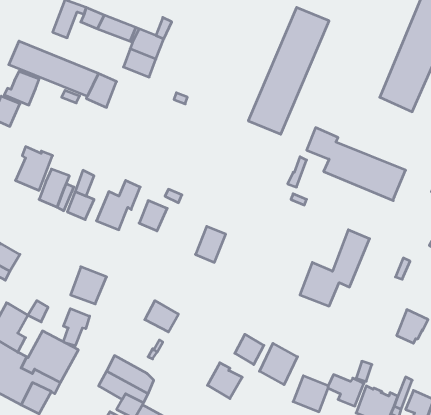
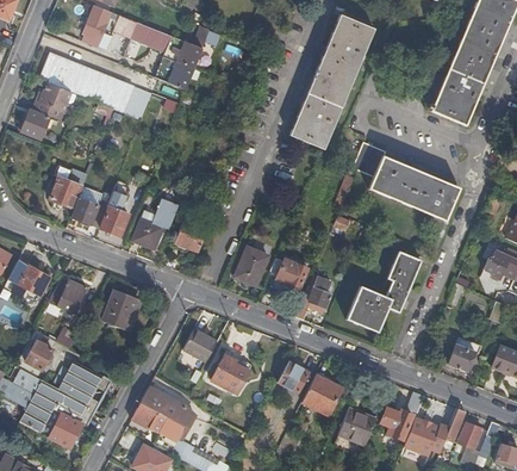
building: none -> [268,255,309,290]
building: none -> [49,275,86,314]
building: none -> [300,279,331,314]
building: [63,309,90,346] -> none
building: [207,363,242,399] -> [210,354,247,392]

